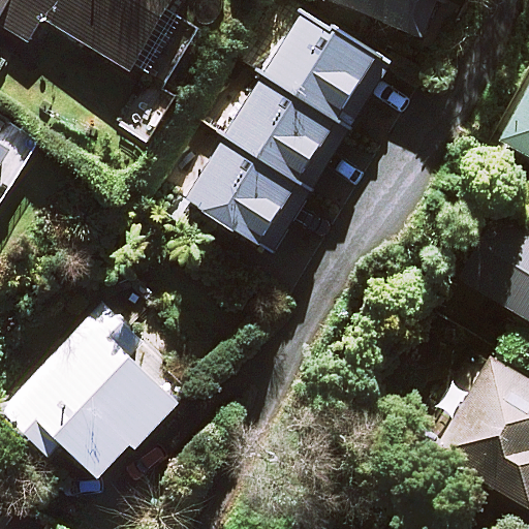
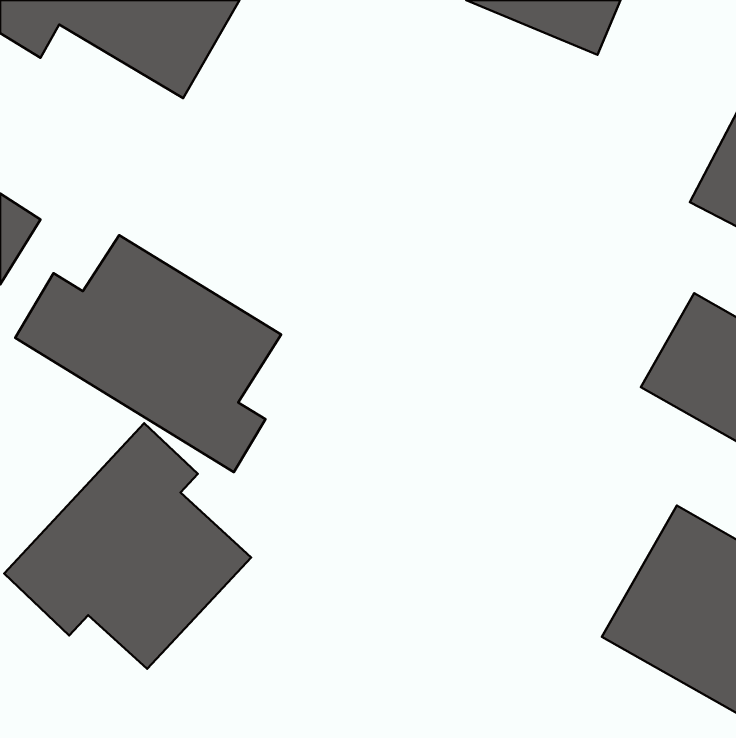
building: [187,7,378,242] -> none
building: none -> [15,235,281,472]

